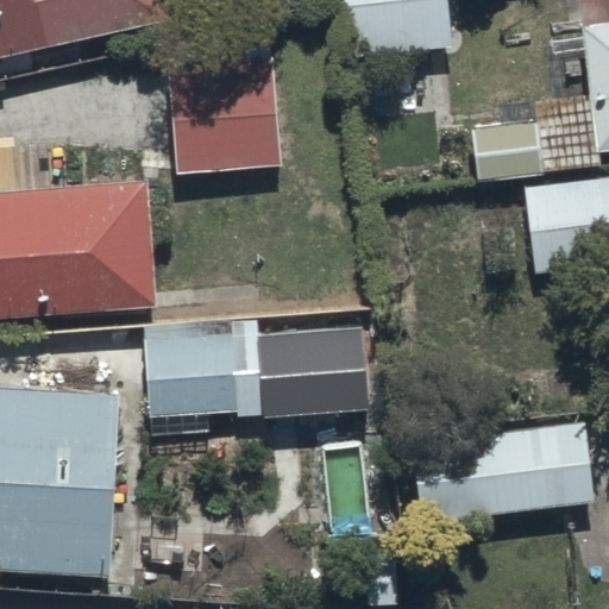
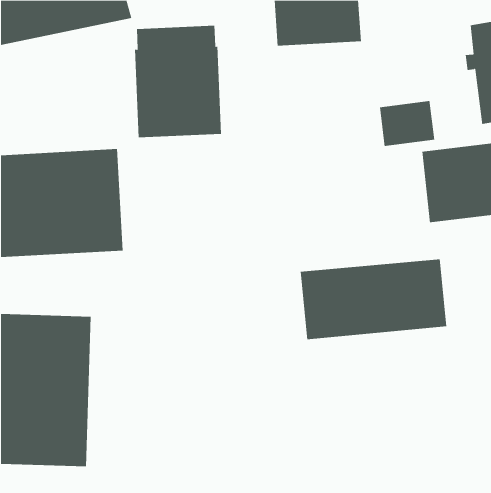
building: [146,320,373,415] -> none
building: [409,422,591,522] -> [300,259,447,340]

